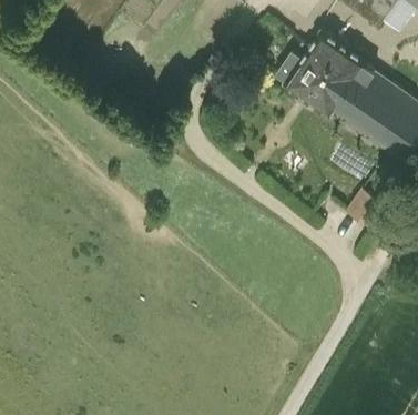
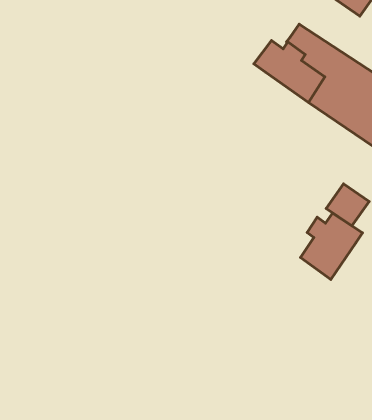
building: none -> [300,213,363,280]

